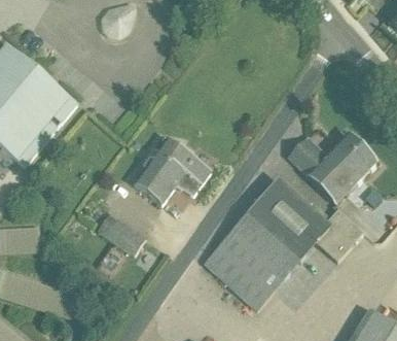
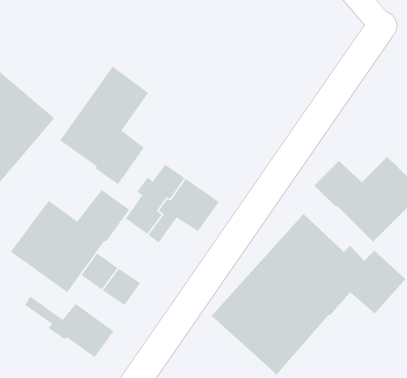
building: none -> [59,65,149,185]
building: none -> [10,189,130,293]
building: none -> [24,295,115,358]

